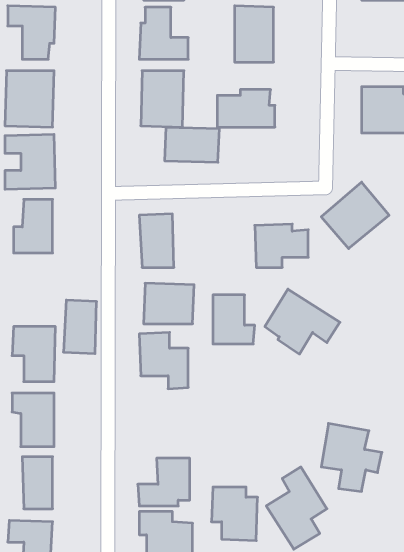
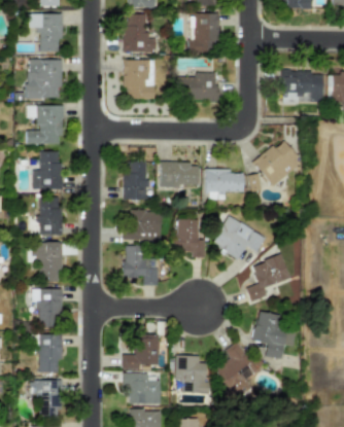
building: [165,128,219,162] -> [160,162,199,186]
building: [63,300,97,354] -> [39,197,63,235]
building: none -> [246,254,289,301]

